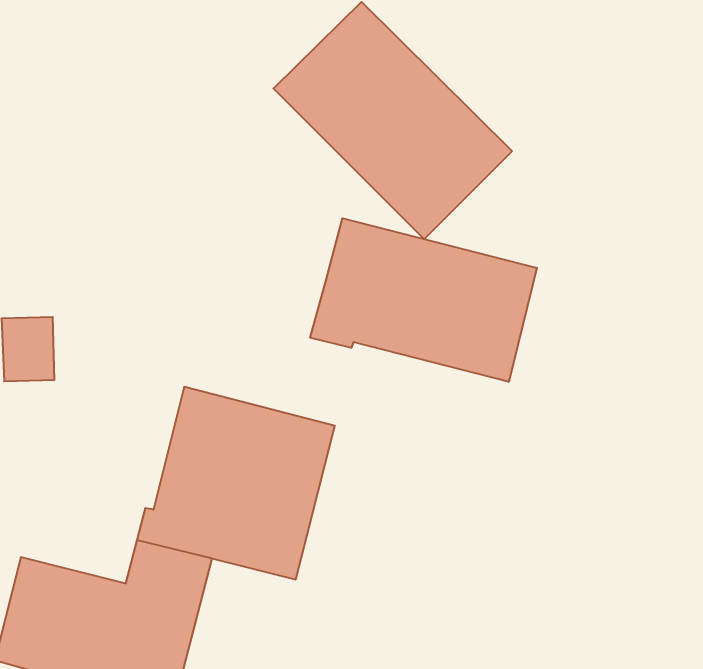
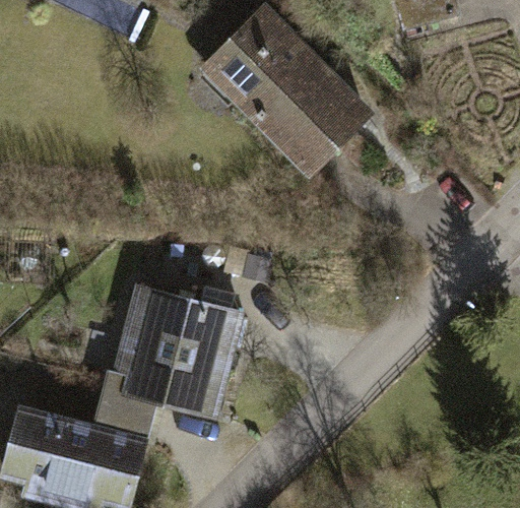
building: [310,218,537,382] -> none

